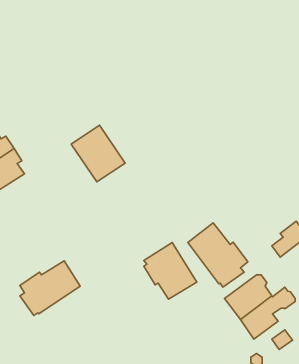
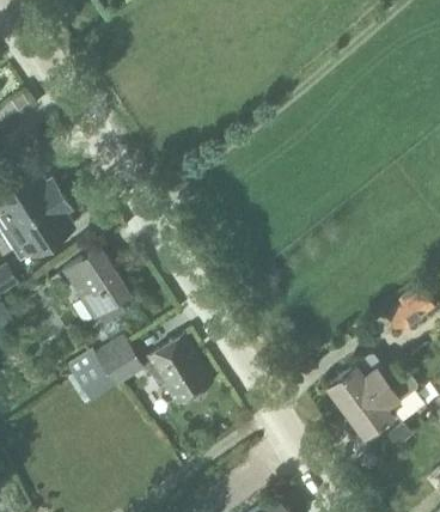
building: [71,125,125,182] -> [61,248,129,319]
building: [188,223,248,287] -> none
building: [144,242,197,299] -> [146,335,213,407]

